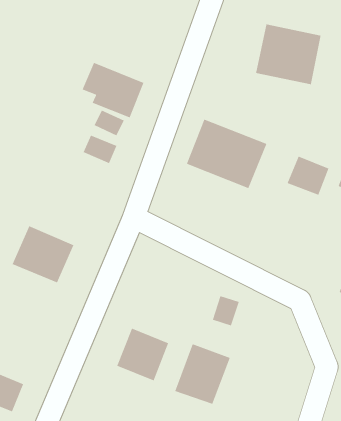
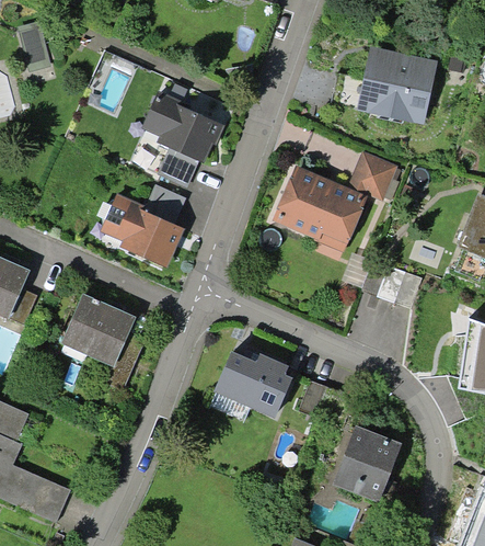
building: none -> [97,194,186,268]
building: [286,156,330,196] -> [349,149,402,198]
building: [116,328,169,381] -> [211,346,276,412]
building: [174,343,231,405] -> [333,426,402,502]

